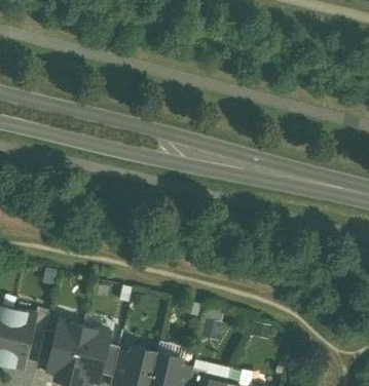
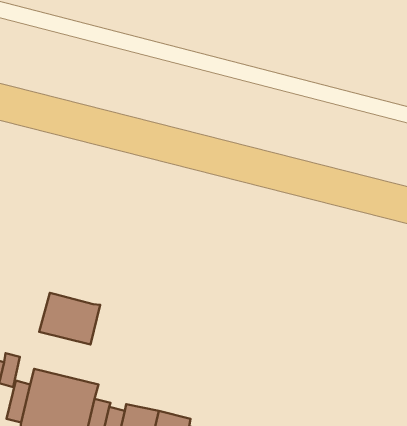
building: none -> [39,293,100,345]

